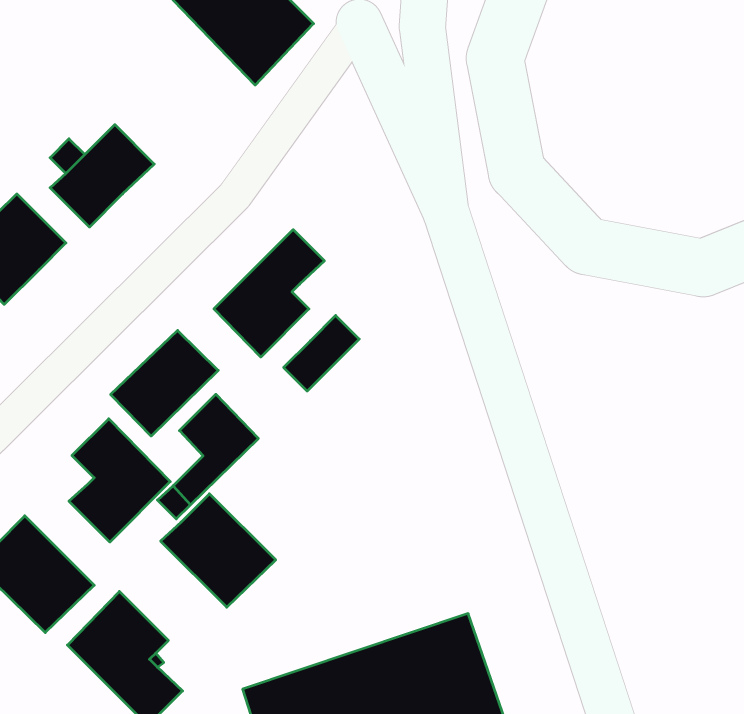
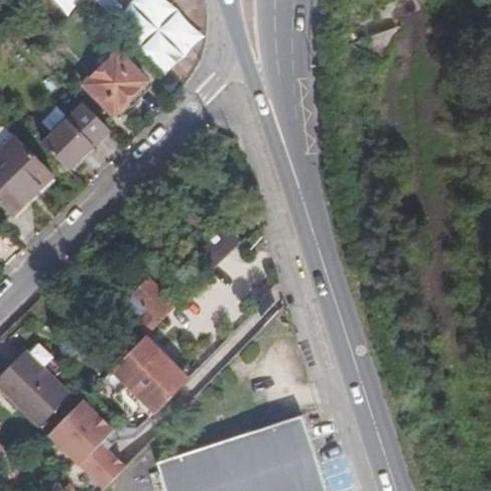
building: none -> [77,46,143,113]
building: [214,230,324,357] -> none
building: [111,330,218,436] -> none
building: [69,419,170,542] -> none

